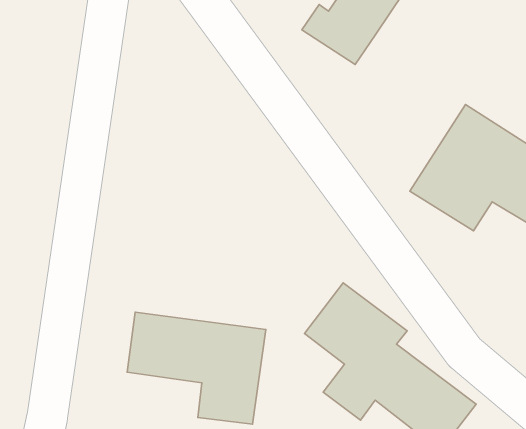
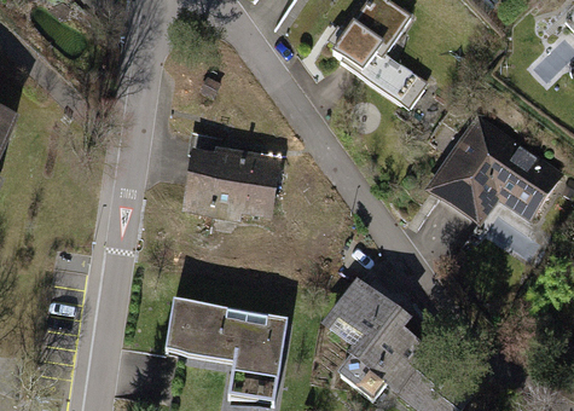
building: none -> [369,52,429,108]
building: none -> [185,141,282,216]

